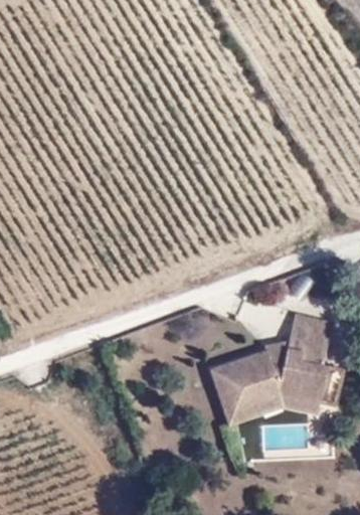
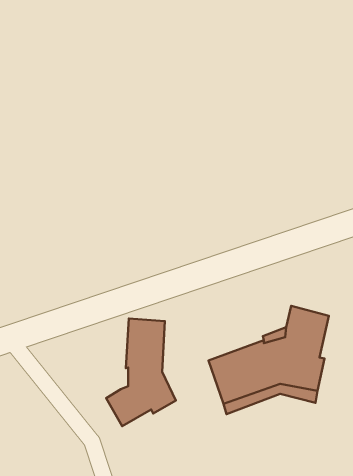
building: none -> [106,319,176,426]

